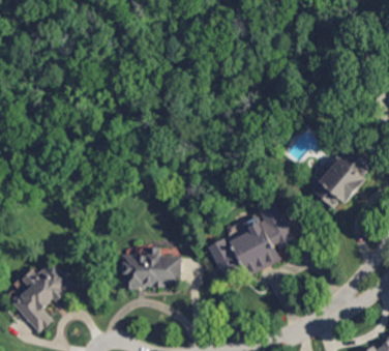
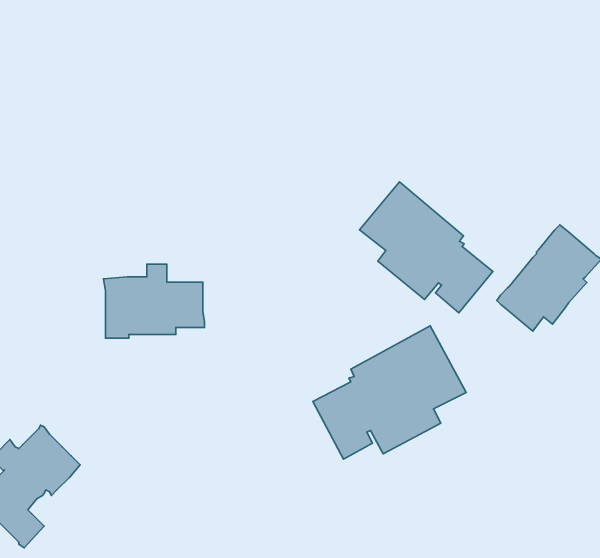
building: none -> [360,182,493,313]
building: [123,246,181,289] -> [104,264,205,338]

